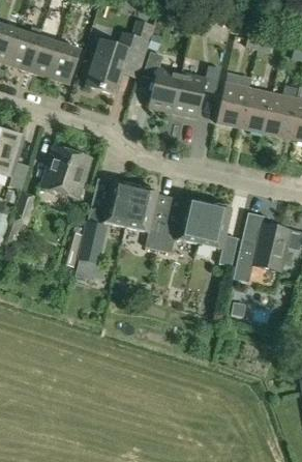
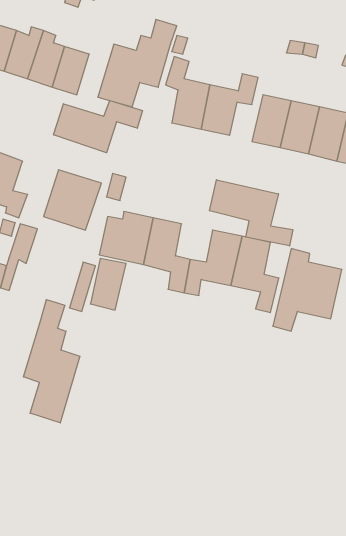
building: none -> [54,101,143,153]
building: none -> [209,180,293,246]
building: none -> [23,300,80,423]

